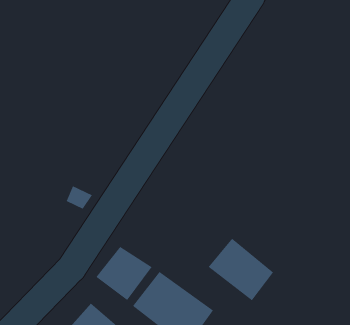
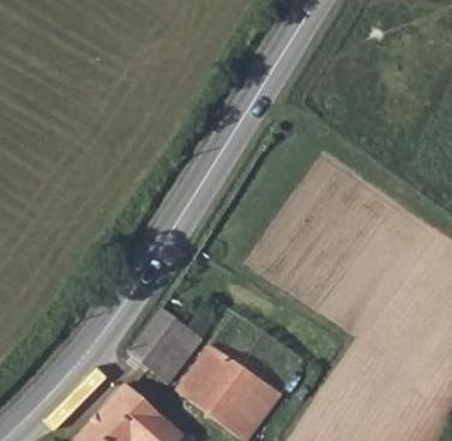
building: [208,238,274,301] -> none

